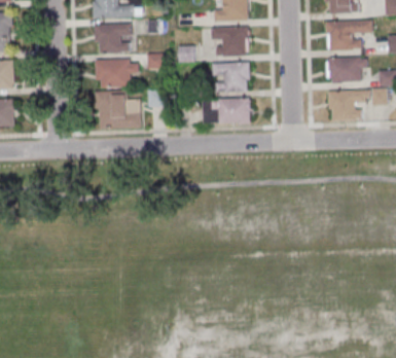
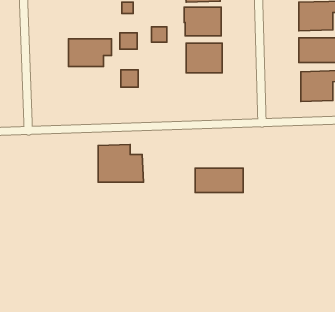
building: [94,23,130,51] -> none
building: [96,90,141,128] -> [98,144,143,182]
building: [202,98,250,122] -> [195,168,243,193]

